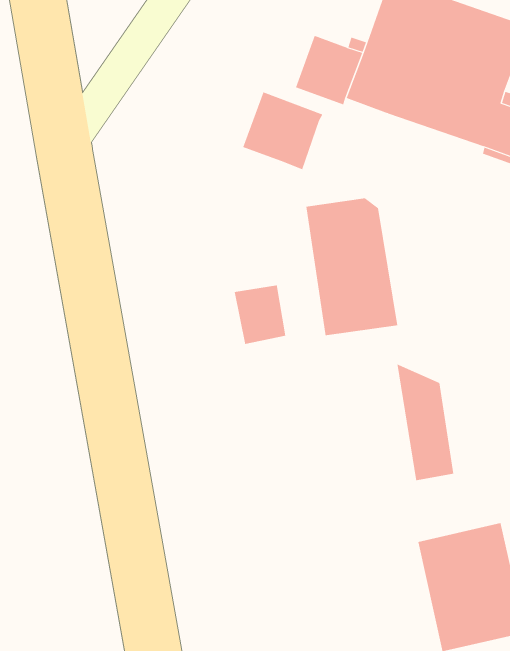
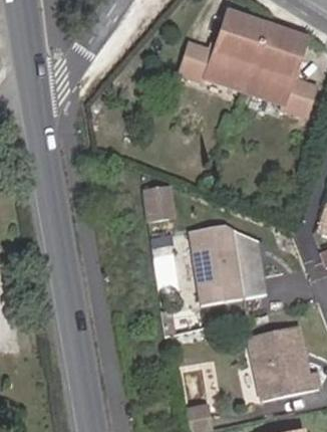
building: [243,92,323,170] -> none
building: [306,198,398,336] -> [191,225,244,304]

